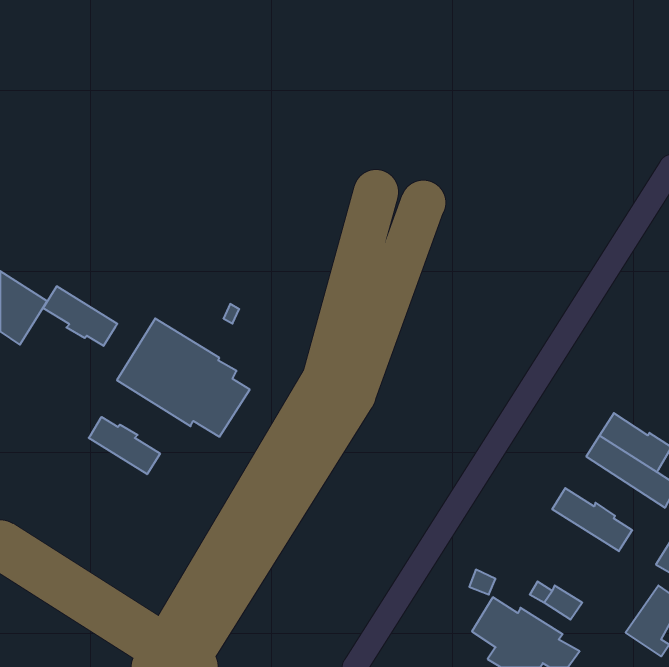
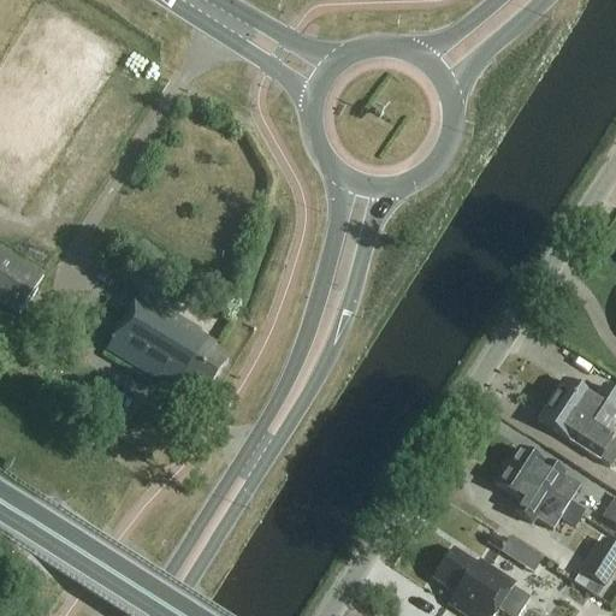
building: [43,286,117,346] -> none
building: [89,417,160,474] -> none
building: none -> [497,466,585,528]

